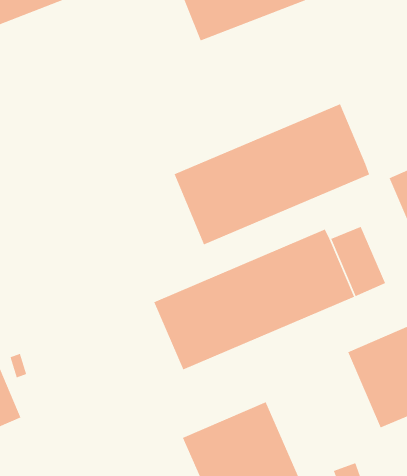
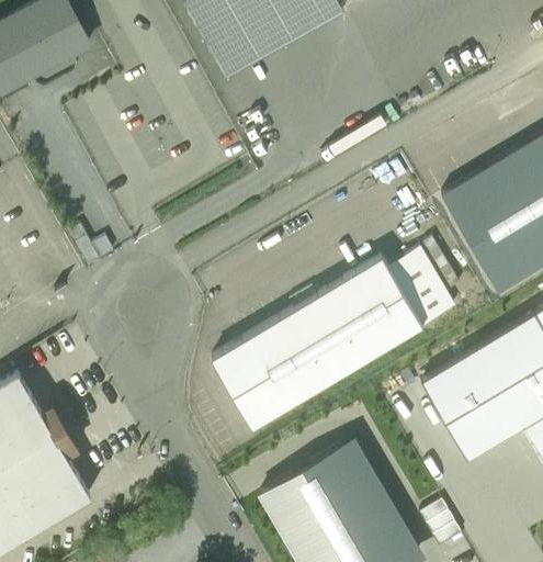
building: [174,103,370,245] -> none

